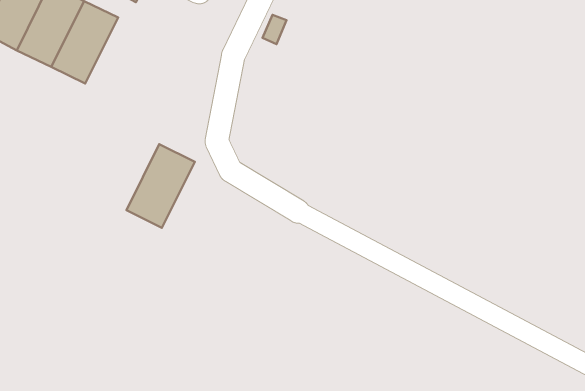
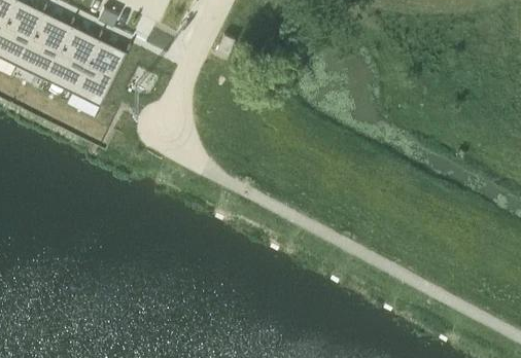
building: [126,144,195,228] -> [70,35,126,103]

